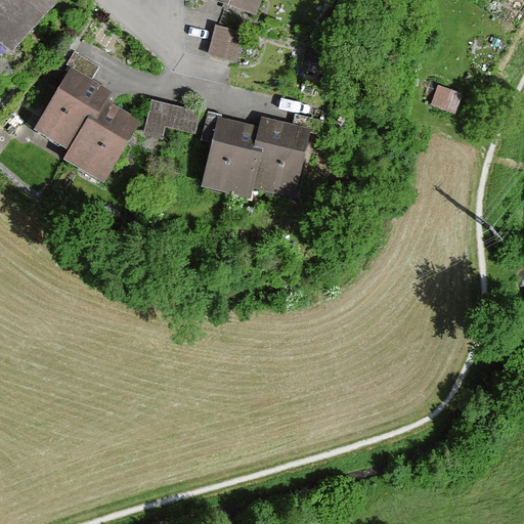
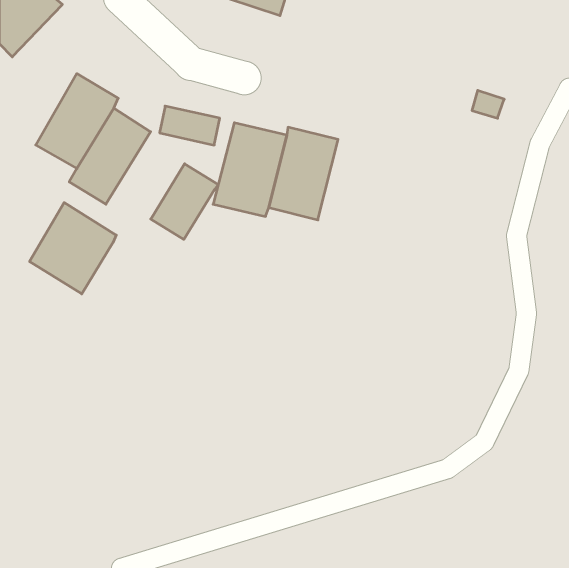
building: [204,25,247,62] -> none
building: none -> [151,164,218,239]
building: none -> [30,203,116,294]

